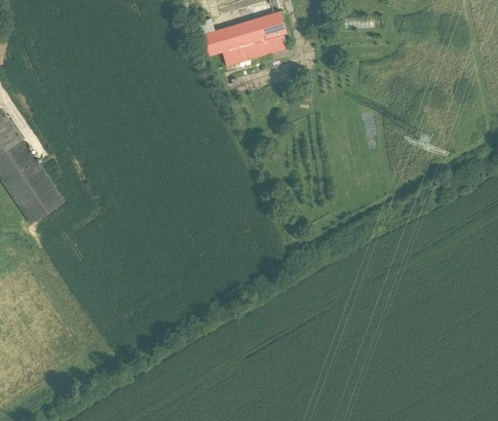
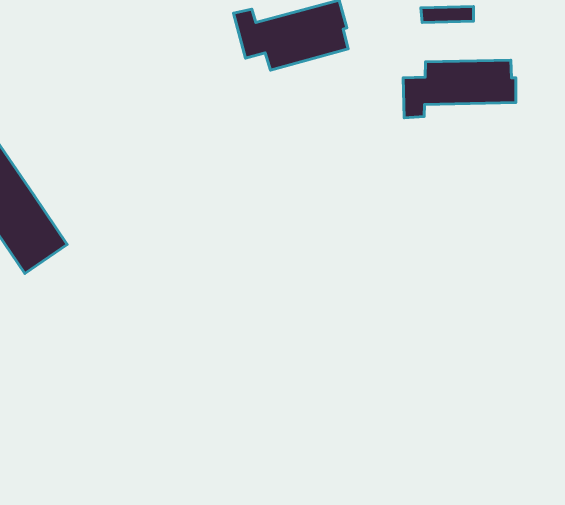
building: none -> [403,60,516,118]

